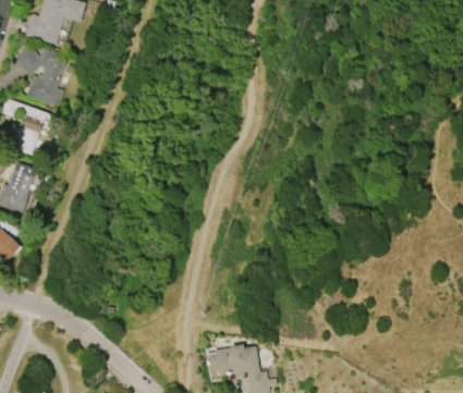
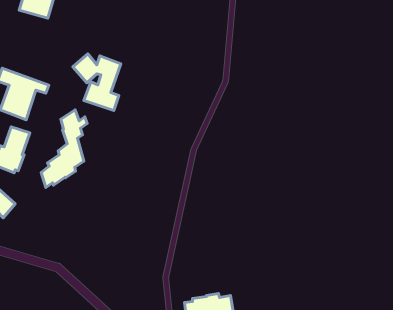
building: [14,45,66,107] -> [73,54,121,111]
building: none -> [41,110,87,187]

